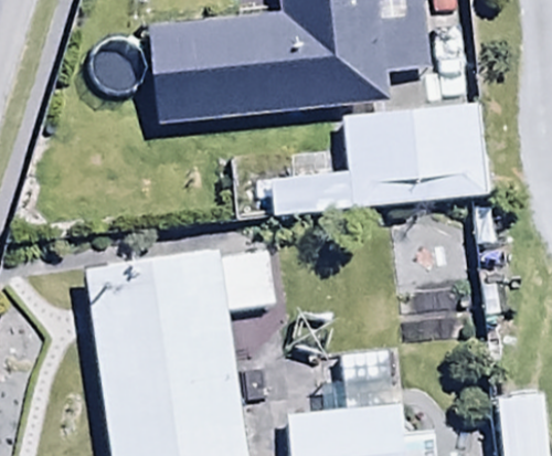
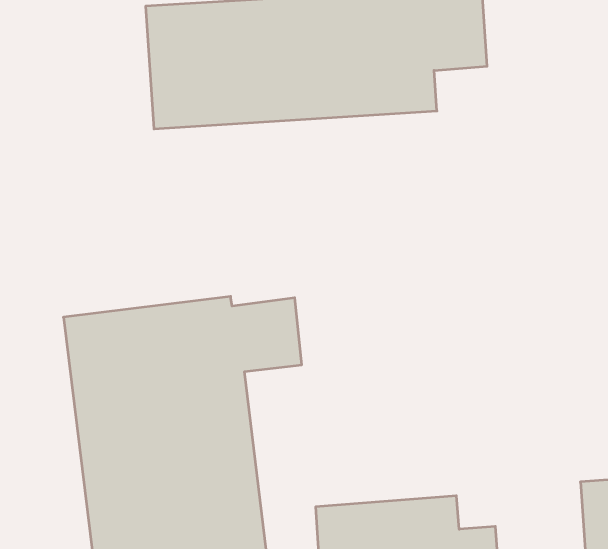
building: [270,103,484,212] -> none

